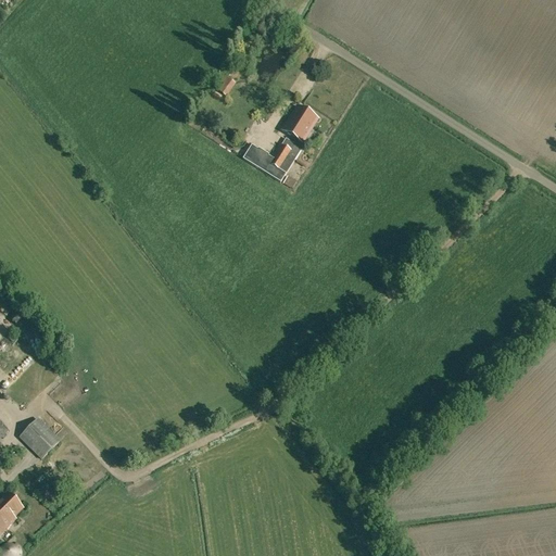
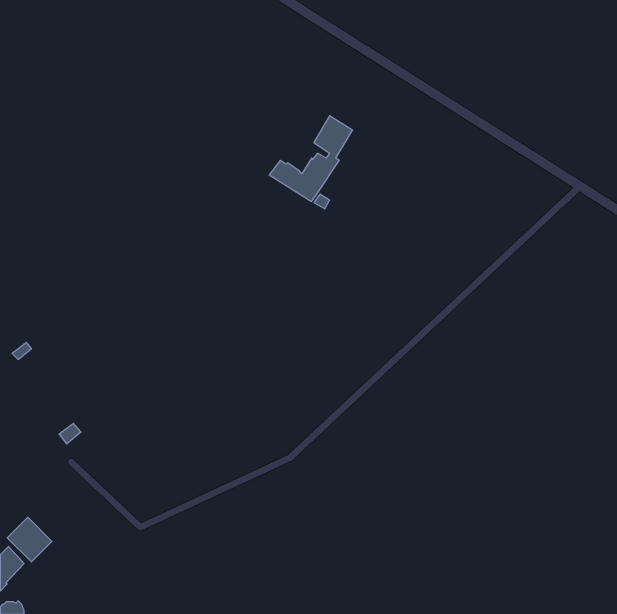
building: [20,418,60,458] -> [7,517,52,562]

